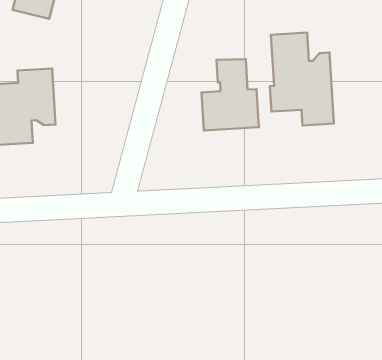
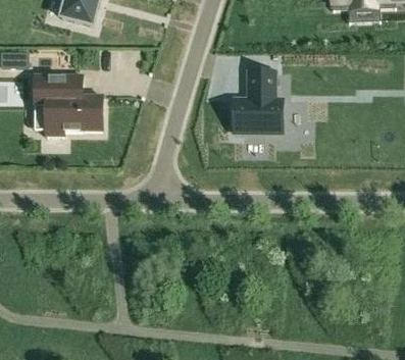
building: [270,33,334,125] -> none

